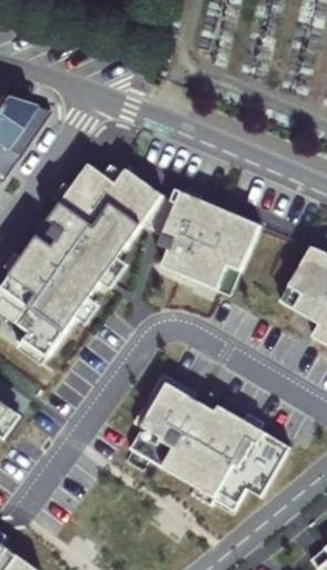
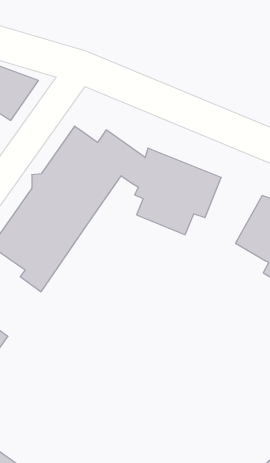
building: [131,374,293,504] -> none

